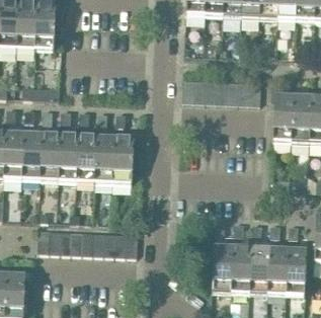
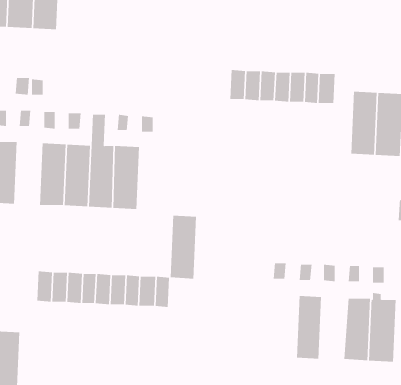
building: [21,131,42,178] -> none
building: [112,135,133,182] -> [170,215,197,279]
building: [212,244,233,292] -> none
building: [248,246,269,293] -> none

